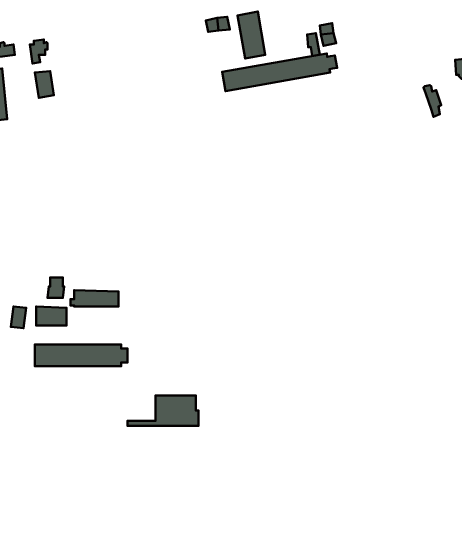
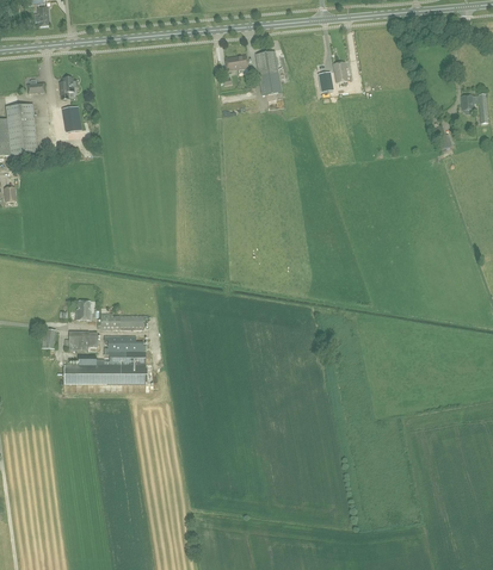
building: [222,53,337,91] -> none
building: [128,395,198,426] -> [78,335,144,364]

